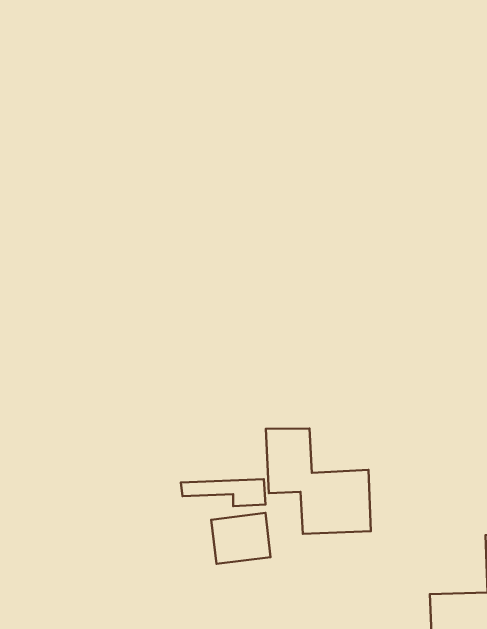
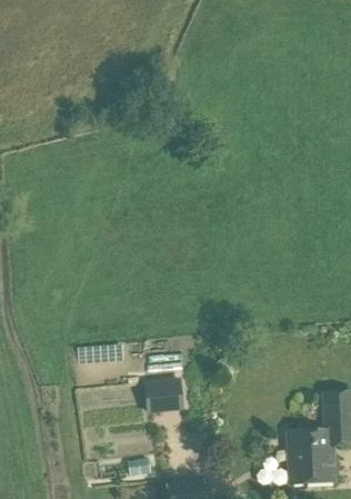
building: [266,428,371,534] -> none

